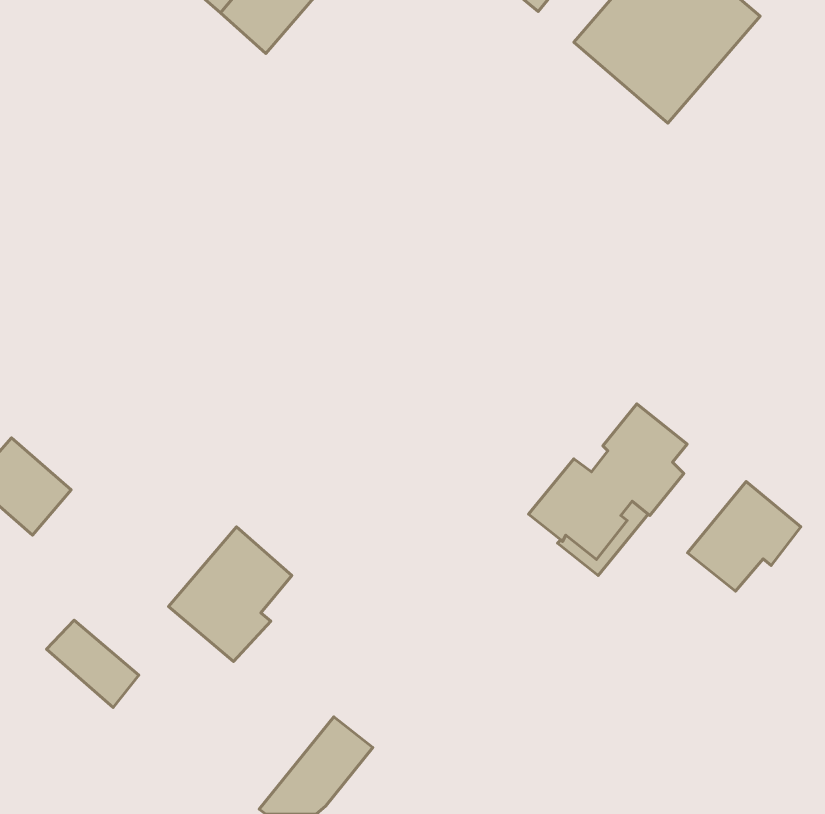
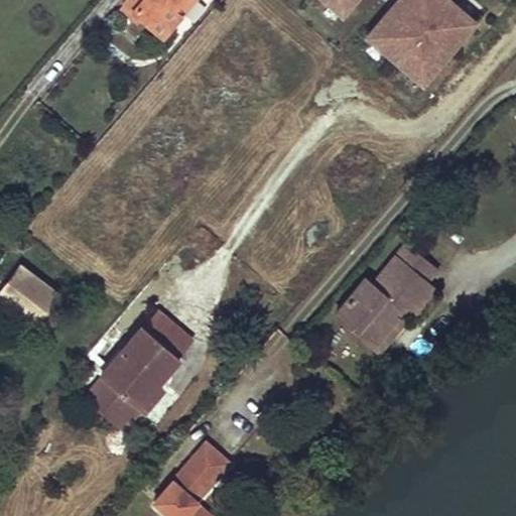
building: [688,482,801,591] -> none
building: none -> [147,311,196,358]
building: [47,620,139,708] -> [88,377,145,431]

